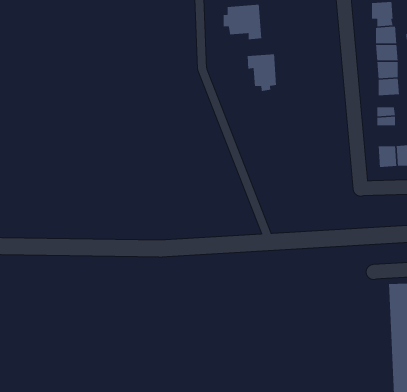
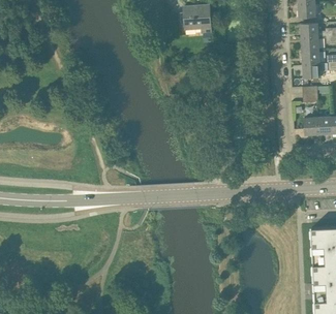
building: [247,54,277,92] -> none

